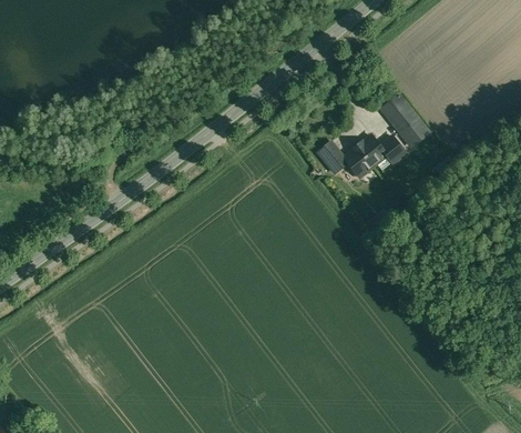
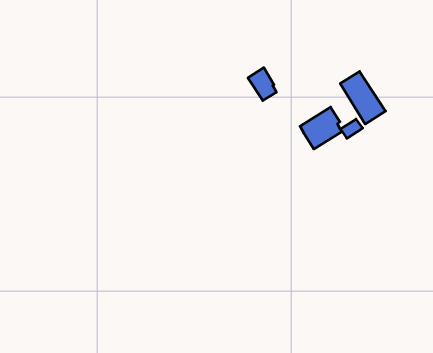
building: [316,139,347,173] -> [248,68,276,101]

